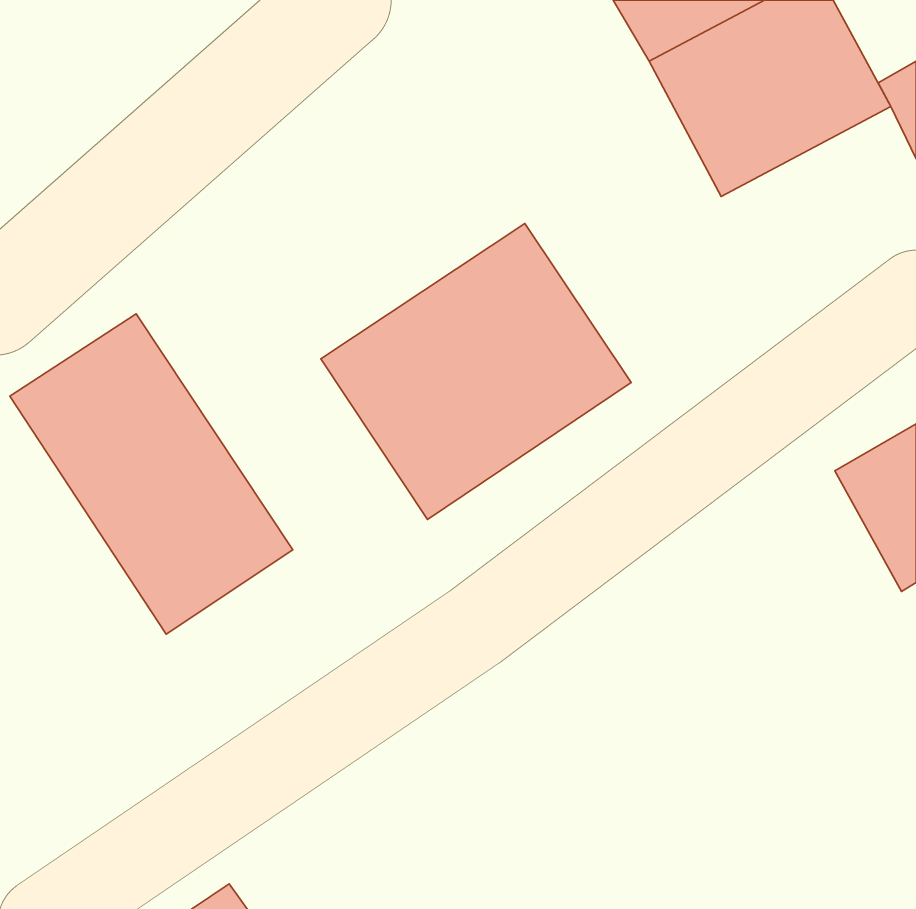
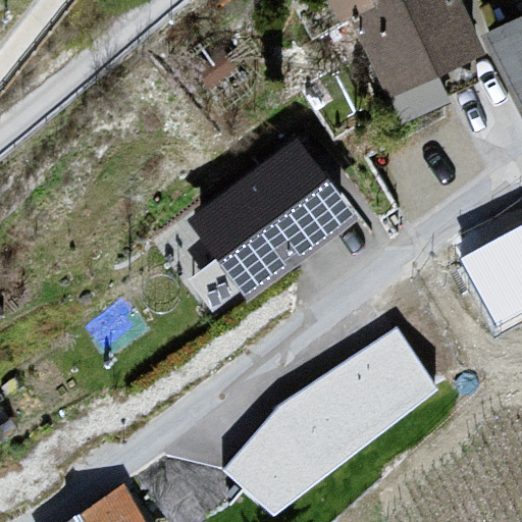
building: [10,314,293,634] -> none
building: none -> [213,327,442,509]

